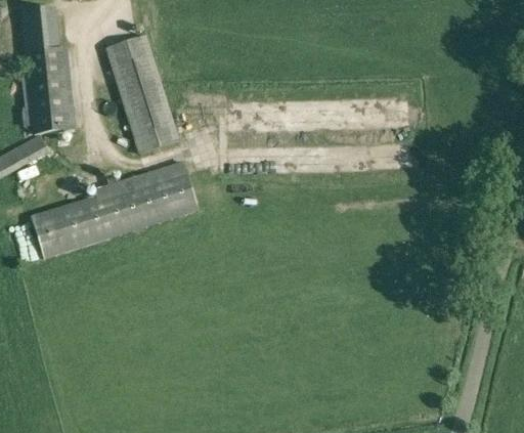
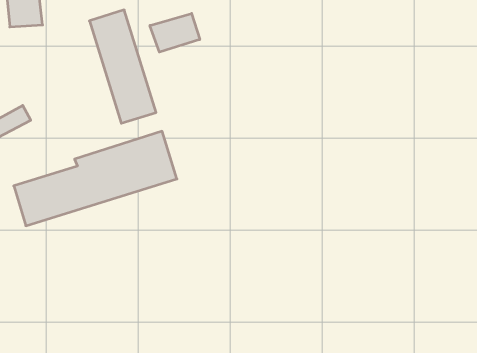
building: none -> [150,13,200,52]
building: [27,50,74,133] -> none

